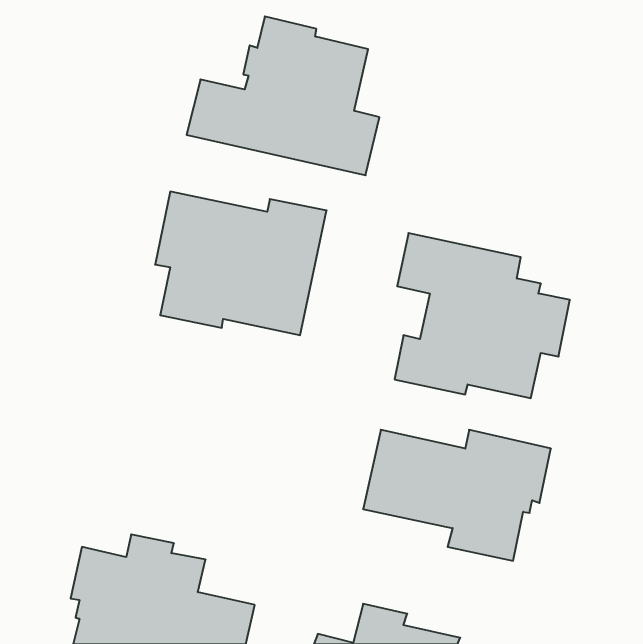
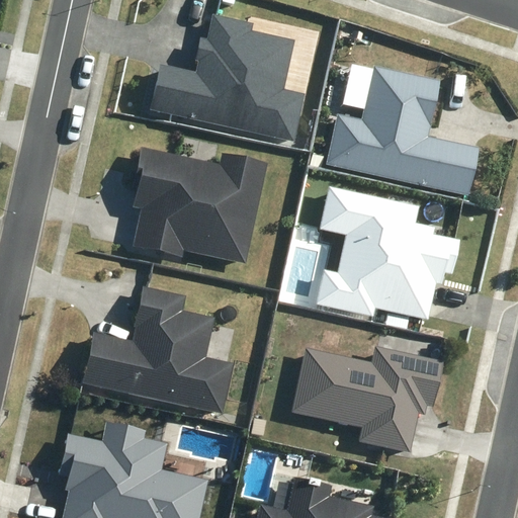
building: none -> [321,74,472,203]
building: none -> [85,287,240,414]

